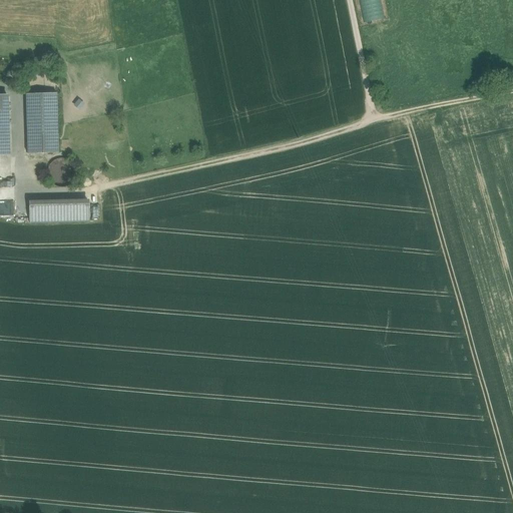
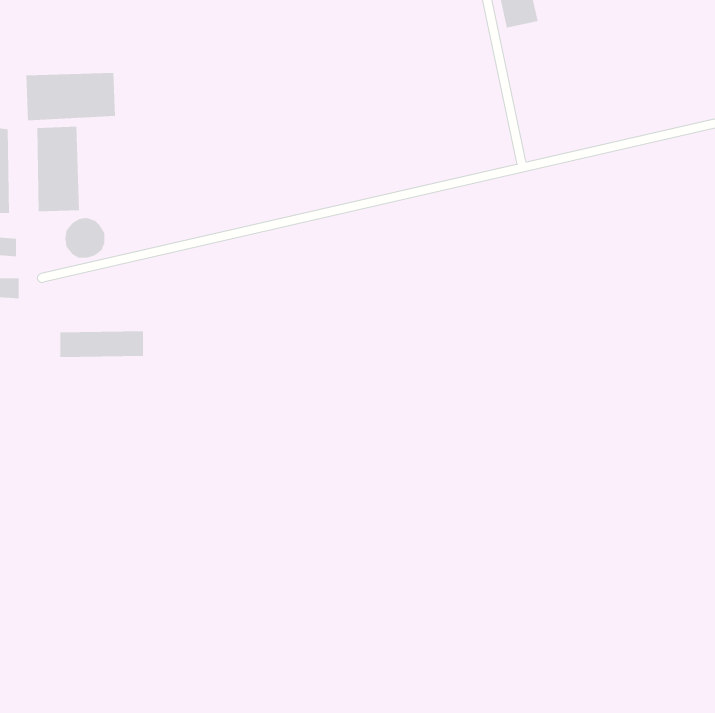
building: none -> [26,72,115,121]
building: [28,201,88,220] -> [60,331,144,358]

